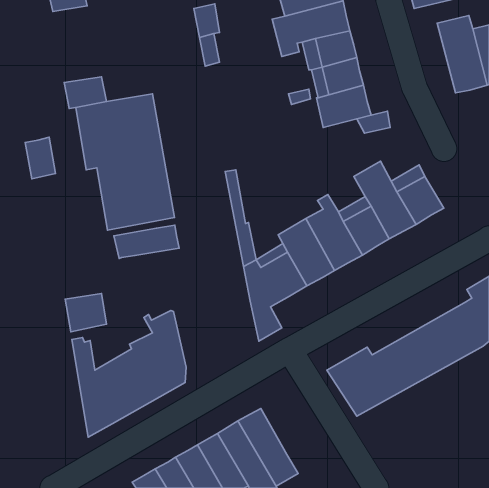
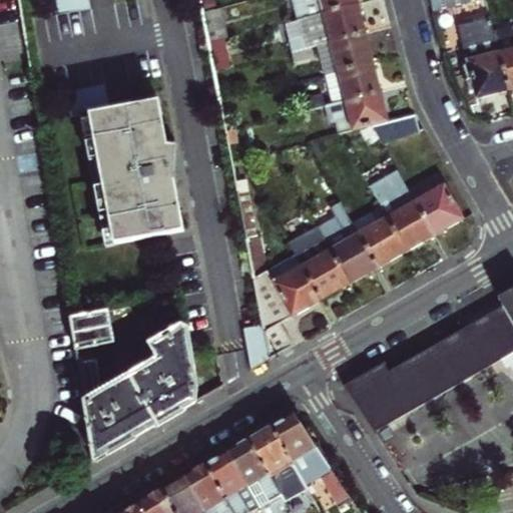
building: [25,137,56,179] -> none
building: [114,225,179,258] -> none
building: none -> [245,315,271,369]
building: none -> [273,414,344,498]

